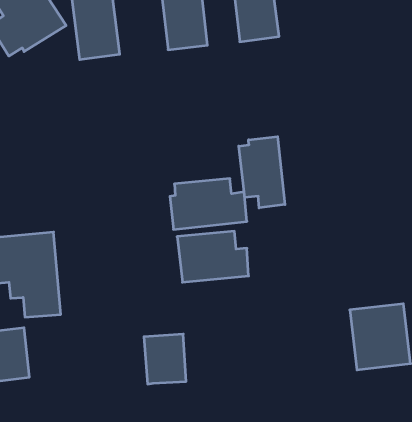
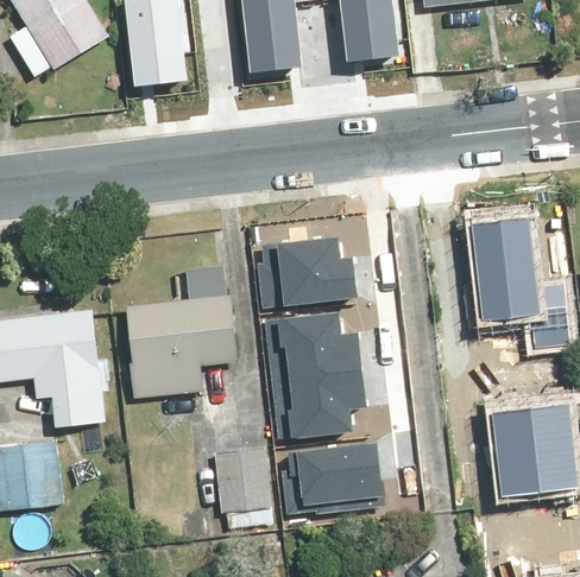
building: [239,137,285,208] -> none
building: none -> [466,211,568,347]
building: none -> [131,299,240,398]
building: none -> [269,370,360,437]
building: none -> [282,443,380,514]

